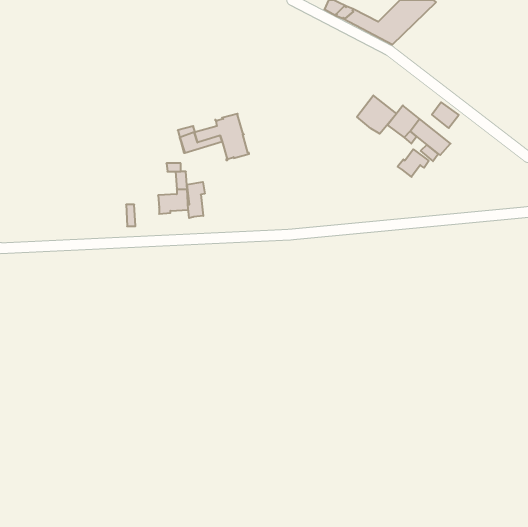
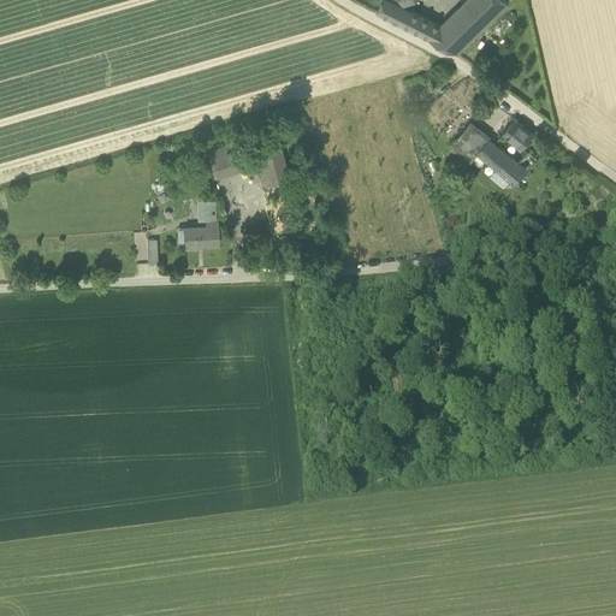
building: [357,95,396,134] -> none
building: [398,149,429,177] -> none
building: [187,182,205,218] -> none

